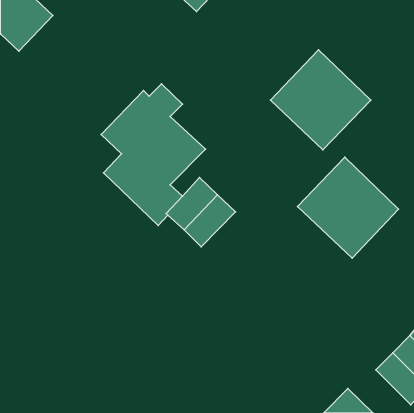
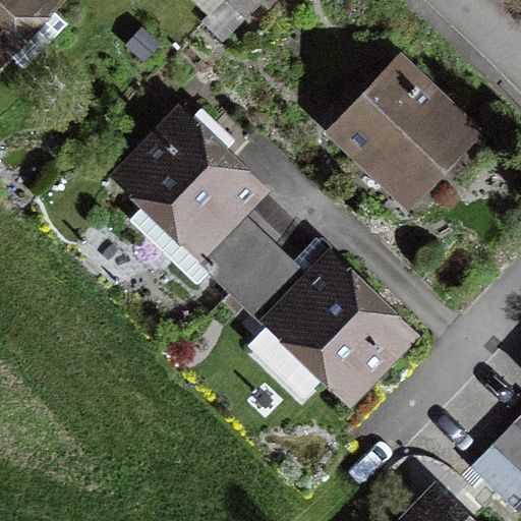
building: [297,157,399,258] -> none
building: none -> [256,256,409,387]

